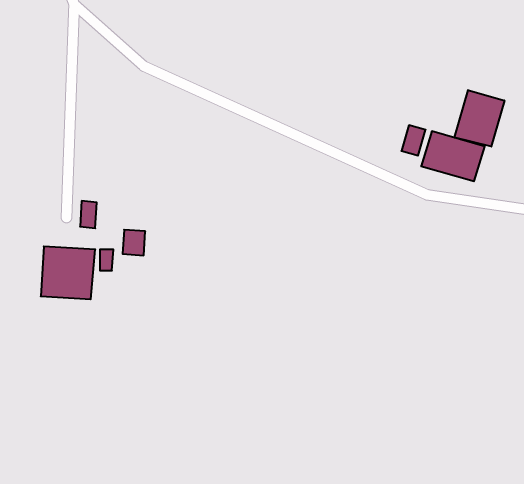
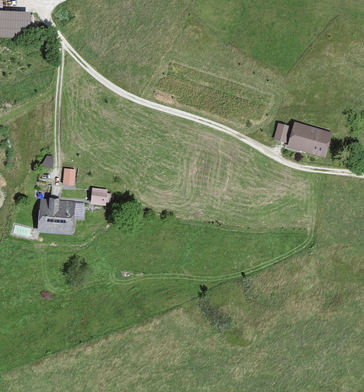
building: [454,90,504,147] -> none

